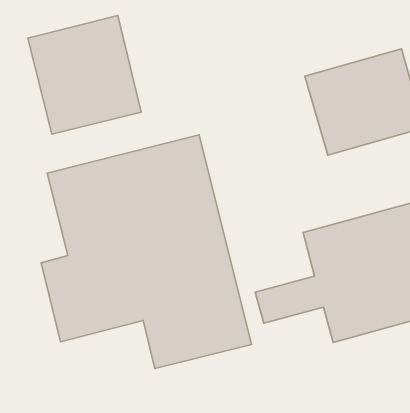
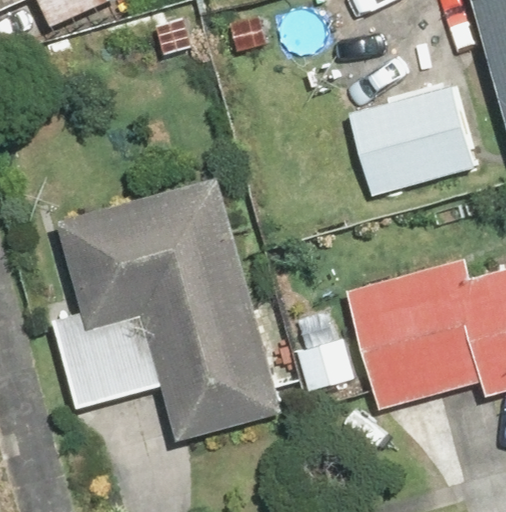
building: [28,16,141,134] -> none

